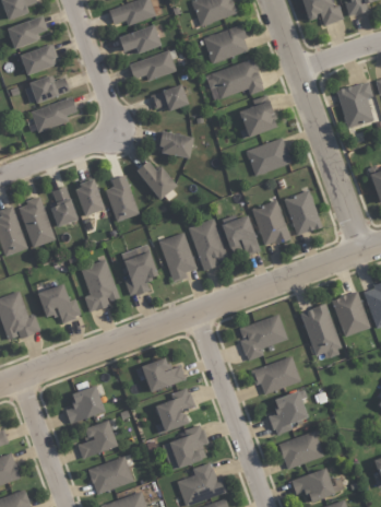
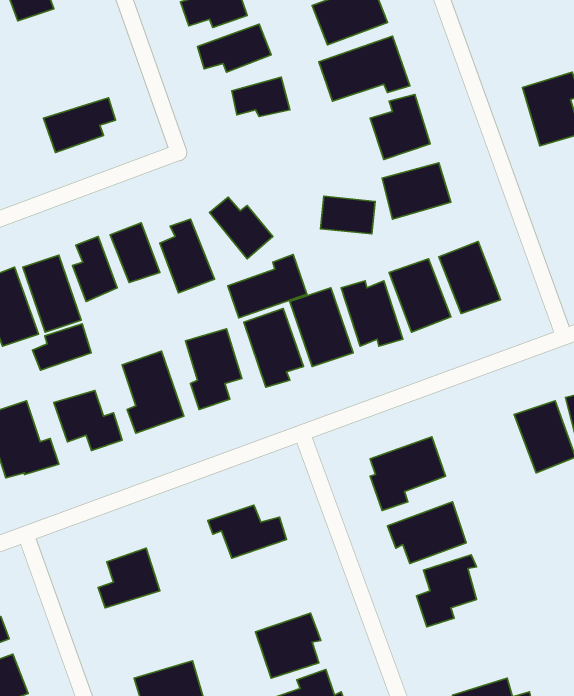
building: [20,44,56,74] -> none
building: [23,76,70,105] -> none
building: [157,132,192,156] -> [320,196,375,234]
building: none -> [228,254,307,318]
building: none -> [33,324,91,370]
building: [300,304,342,359] -> none
building: [155,387,194,431] -> none
building: [78,420,118,458] -> none
building: [277,431,324,469] -> none

